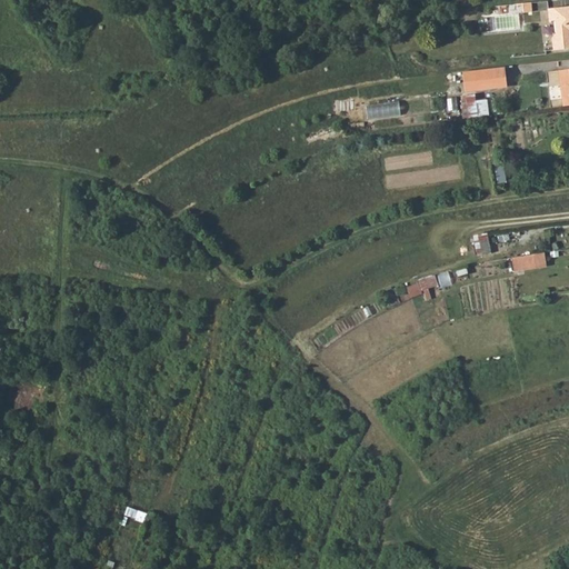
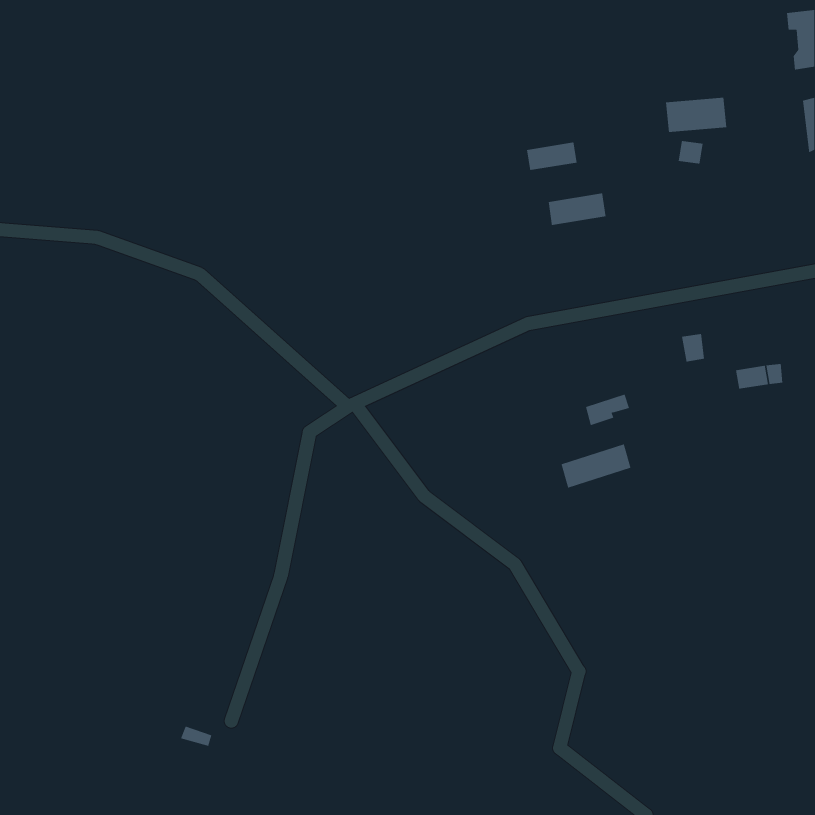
building: none -> [548,192,606,226]
building: none -> [561,444,631,488]

